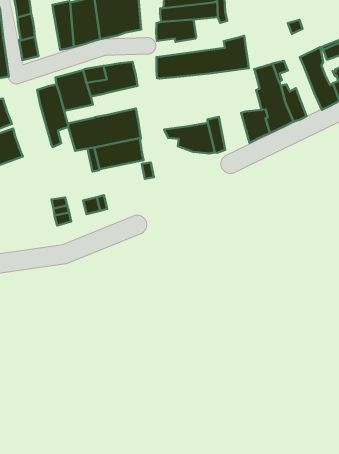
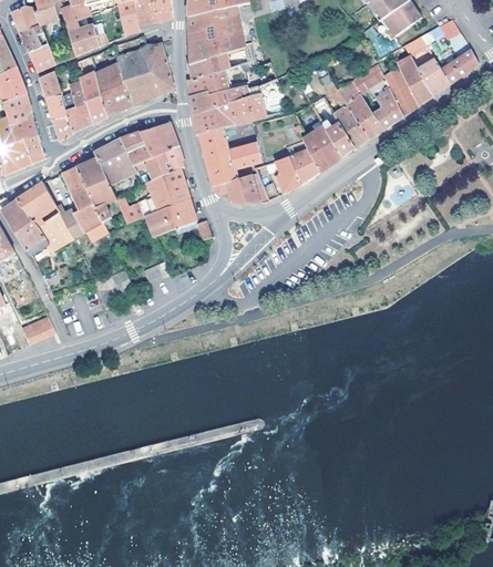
building: none -> [64,81,94,132]
building: none -> [191,83,260,113]
building: none -> [331,89,369,147]
building: none -> [199,127,263,185]
building: none -> [144,145,186,179]
building: none -> [63,166,103,236]
building: none -> [275,155,301,193]

